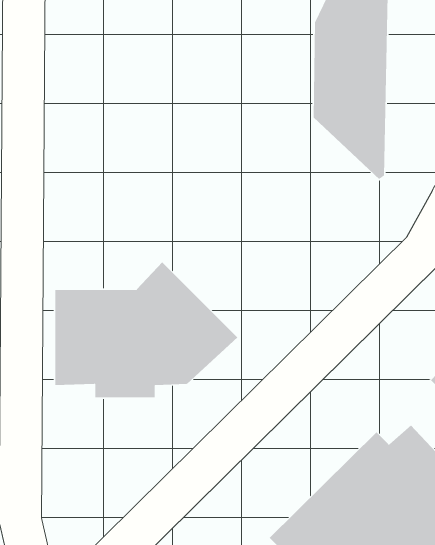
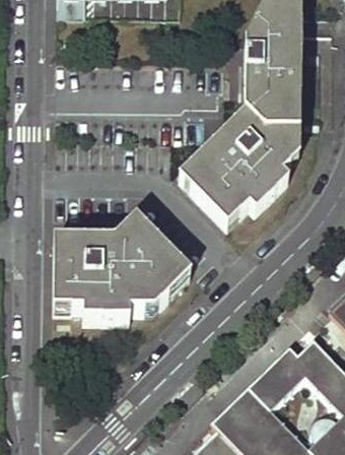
building: none -> [181,113,293,223]

